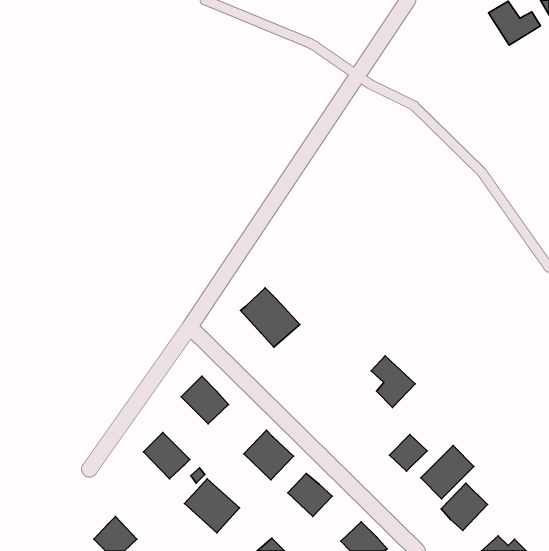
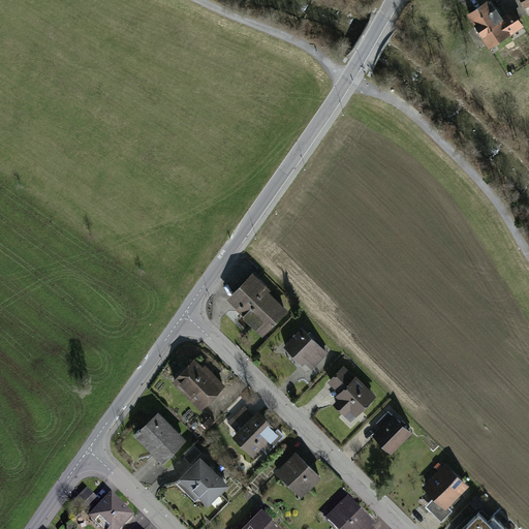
building: none -> [286,330,324,369]
building: [371,356,415,407] -> [329,369,371,418]
building: [421,445,474,499] -> none

